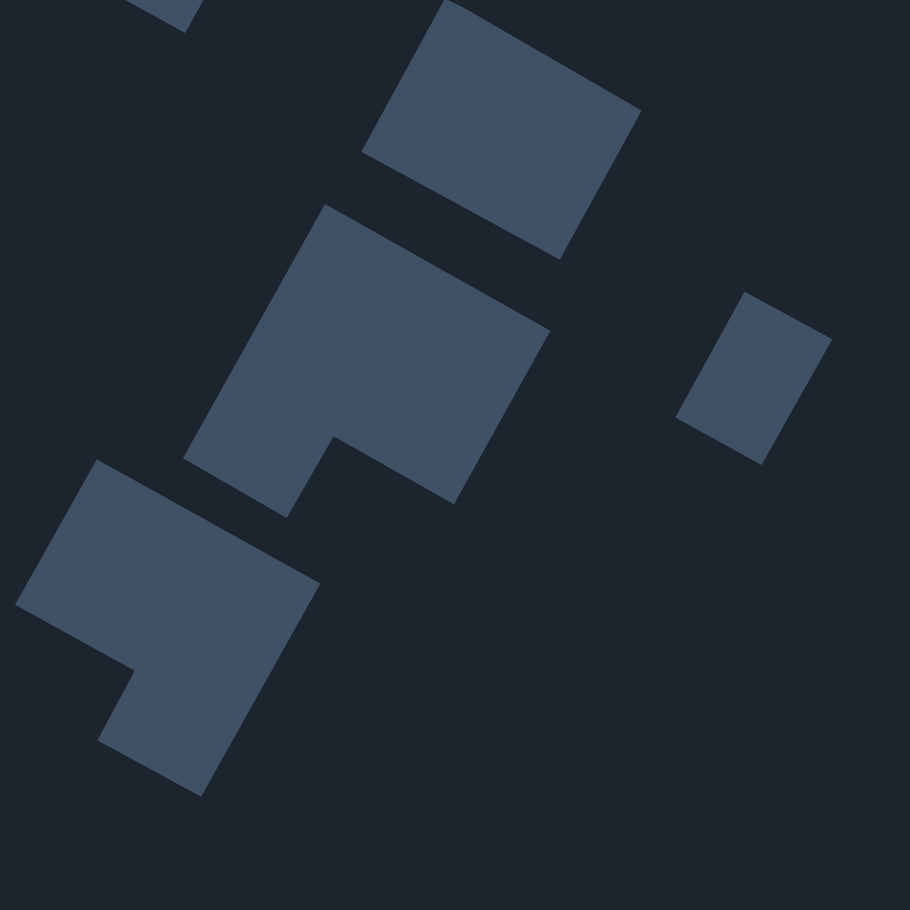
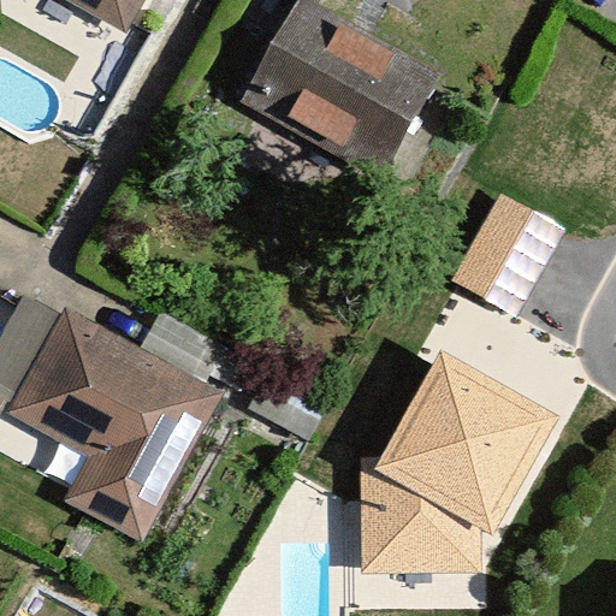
building: [182,203,551,519] -> none
building: none -> [362,354,551,565]

